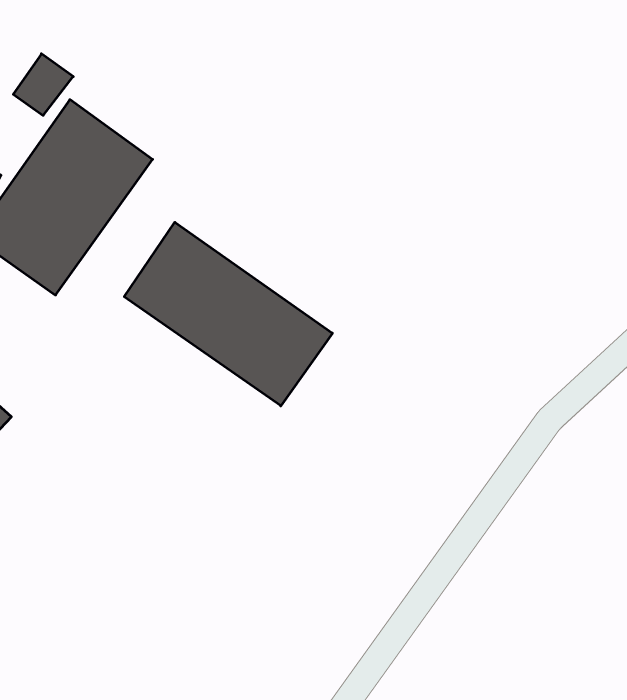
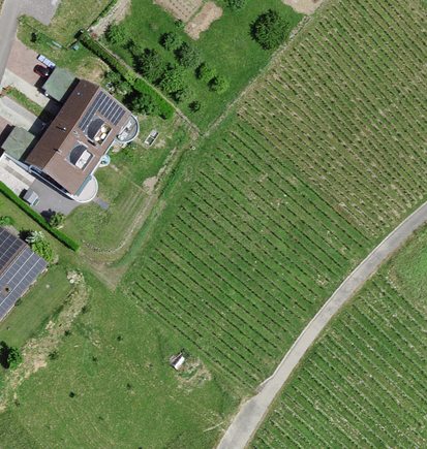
building: [124,222,332,406] -> none

